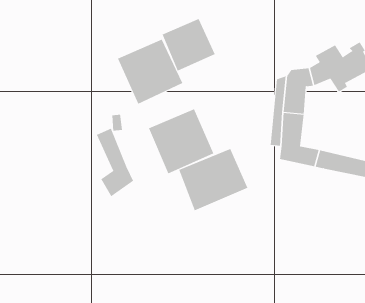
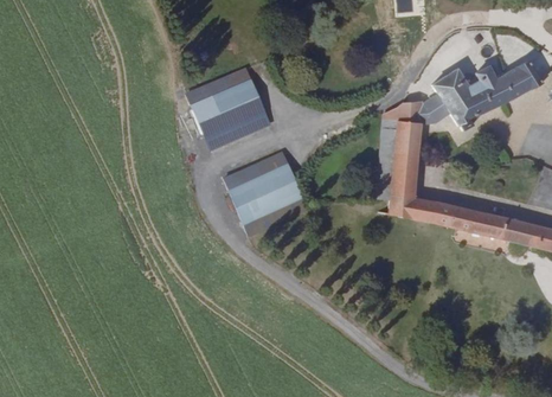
building: [162,18,216,72] -> none
building: [96,128,134,197] -> none
building: [178,148,248,211] -> none

